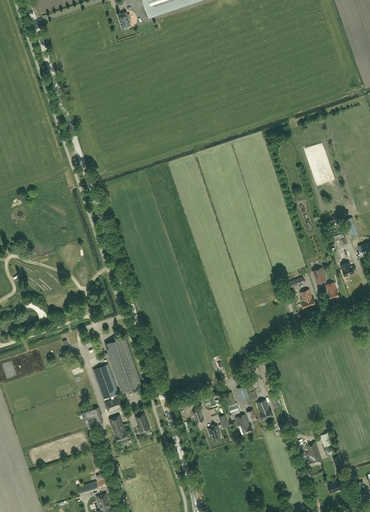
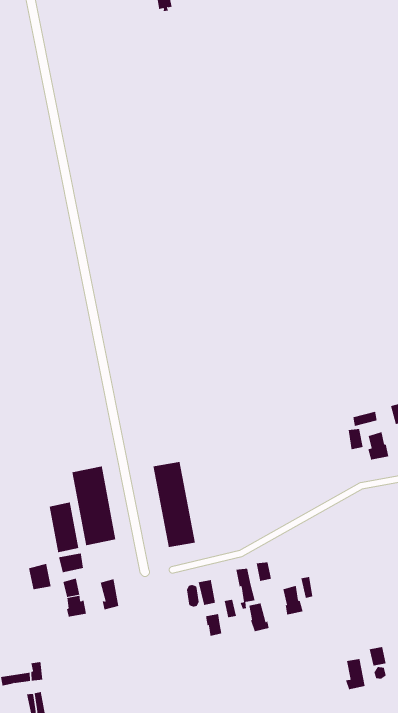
building: none -> [153,461,195,548]

